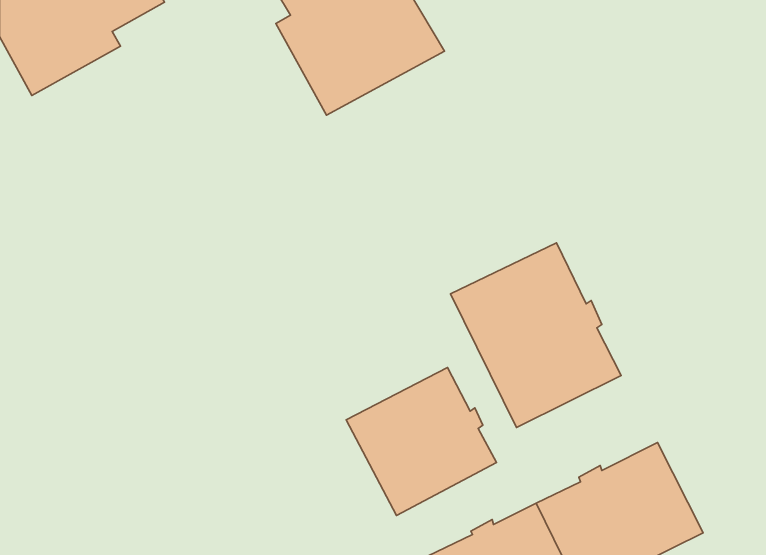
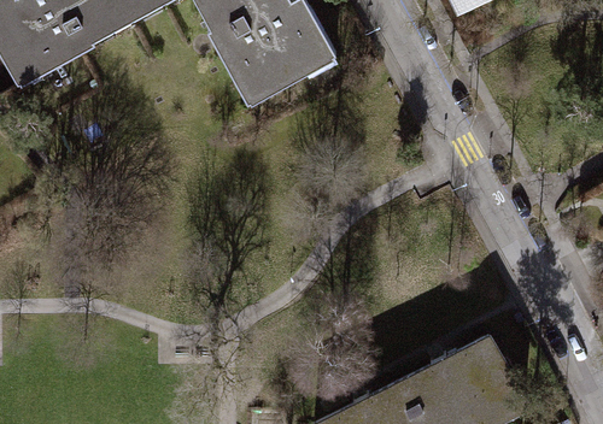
building: [450,243,621,428] -> none
building: [346,368,497,515] -> none

